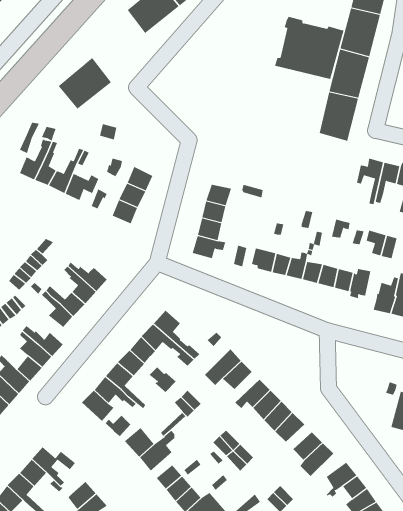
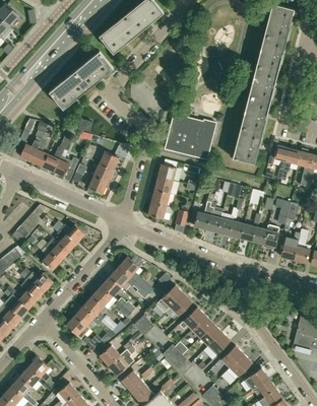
building: [274,16,345,80] -> [165,113,216,159]
building: none -> [74,51,114,89]
building: none -> [233,127,262,163]

